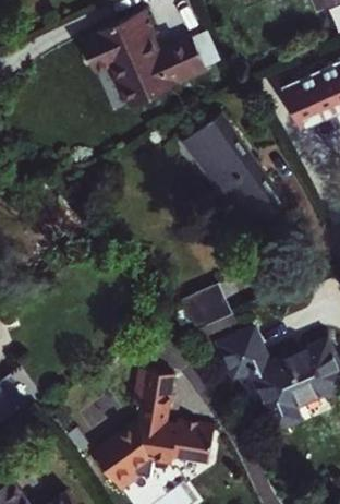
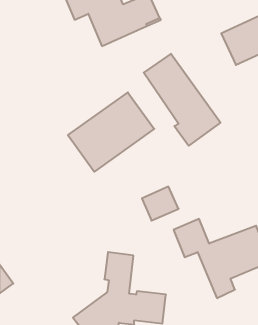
building: none -> [68,92,154,172]

